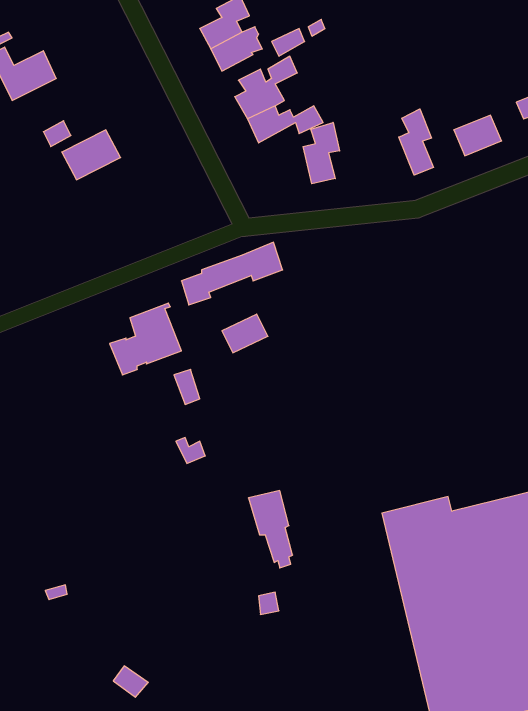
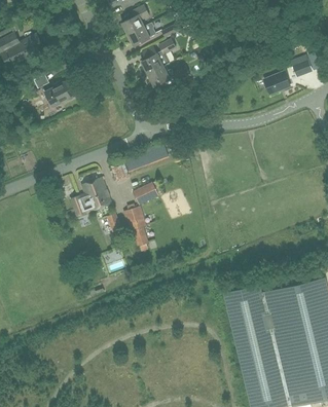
building: [399,109,434,175] -> none
building: [303,122,340,184] -> none
building: [248,491,293,568] -> [123,206,148,249]

